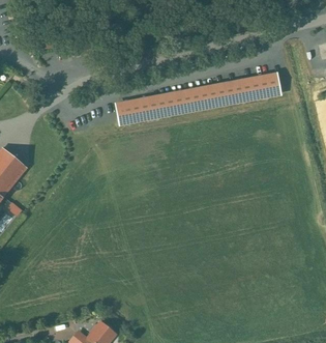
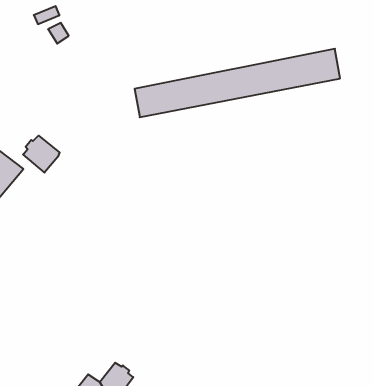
building: none -> [23,136,60,173]

